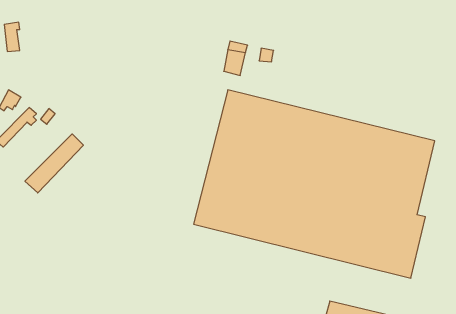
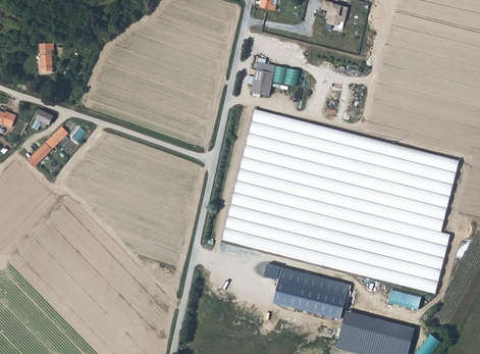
building: [25,134,83,193] -> none
building: none -> [275,267,350,320]

